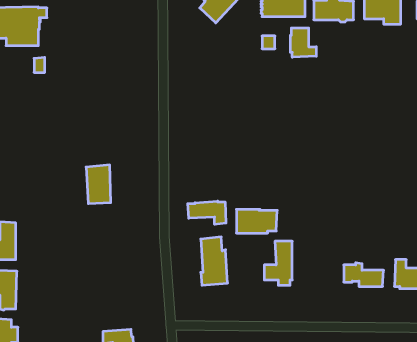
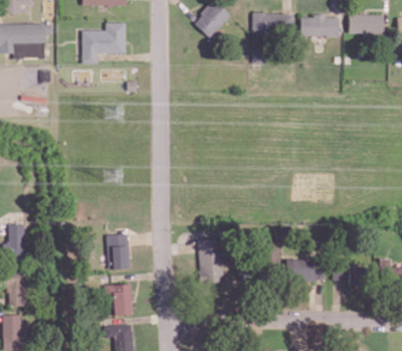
building: none -> [82,22,127,63]
building: [290,28,316,57] -> none
building: [86,165,111,204] -> [108,233,131,270]
building: [188,201,226,224] -> none
building: [236,209,277,233] -> [285,259,324,282]
building: none -> [105,285,134,316]

